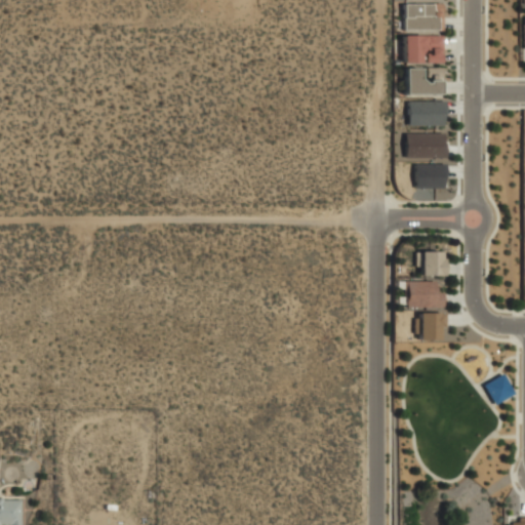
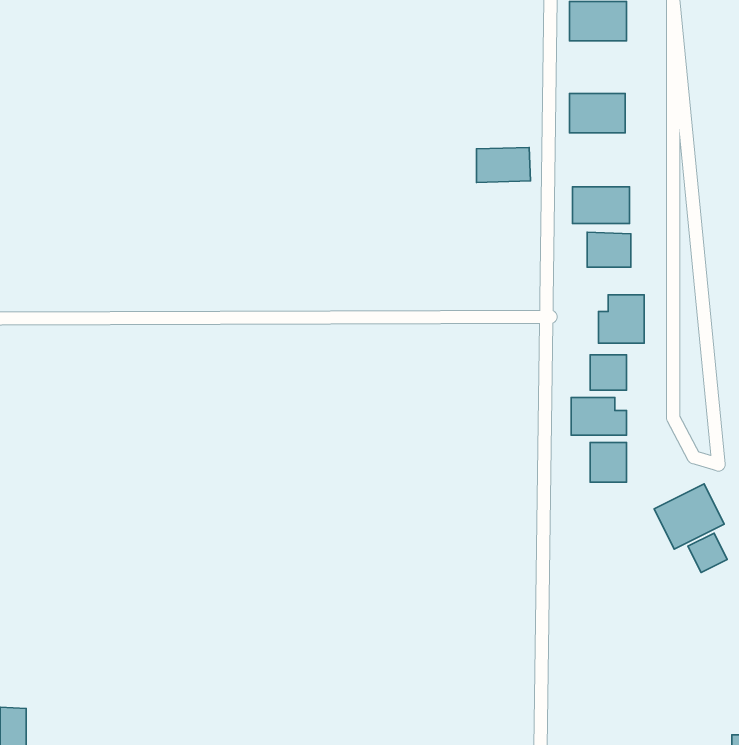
building: [405,35,445,63] -> none
building: [410,102,448,126] -> [477,147,531,182]
building: none -> [598,295,644,343]
building: none -> [654,484,724,549]

